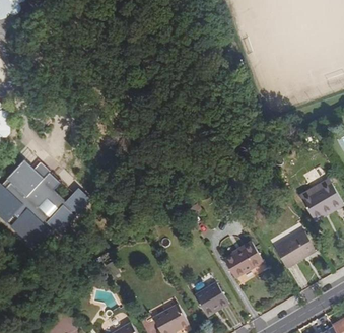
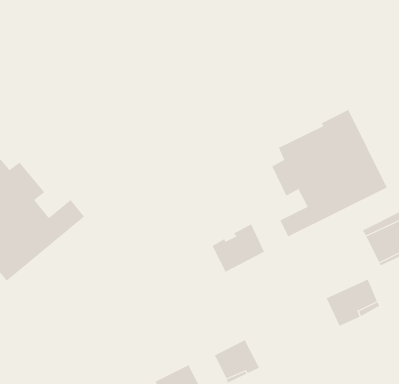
building: none -> [271,109,388,237]
building: [224,241,264,278] -> [212,224,265,273]

